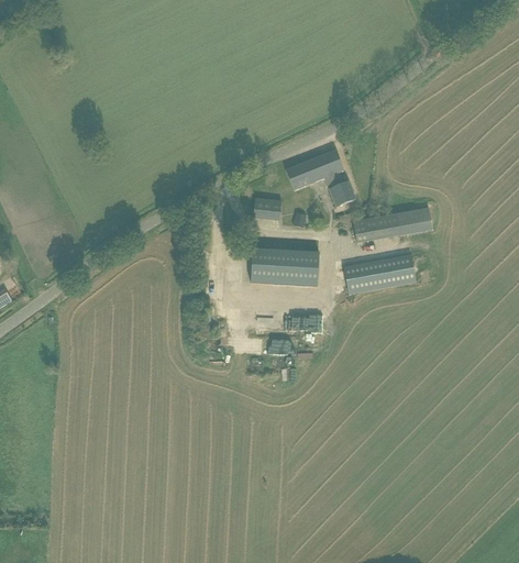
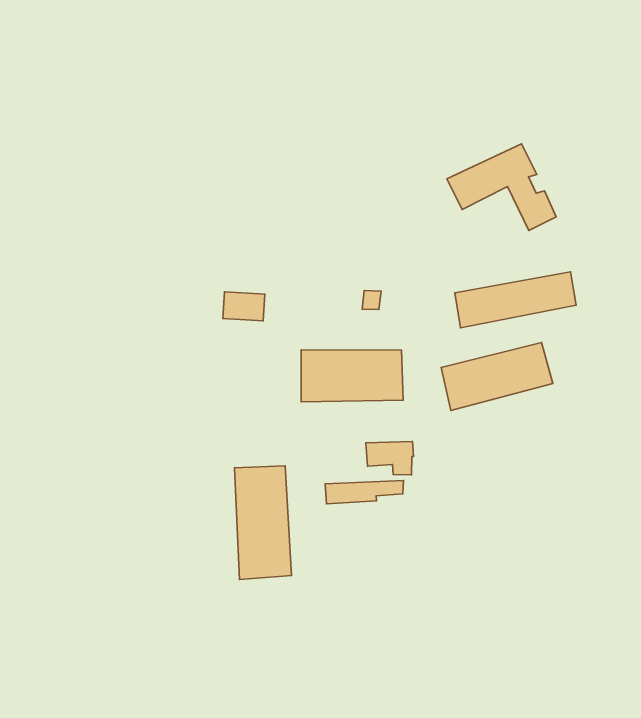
building: [284,148,354,206] -> [447,144,556,230]
building: [252,197,280,218] -> [223,292,265,321]
building: none -> [234,466,292,580]

